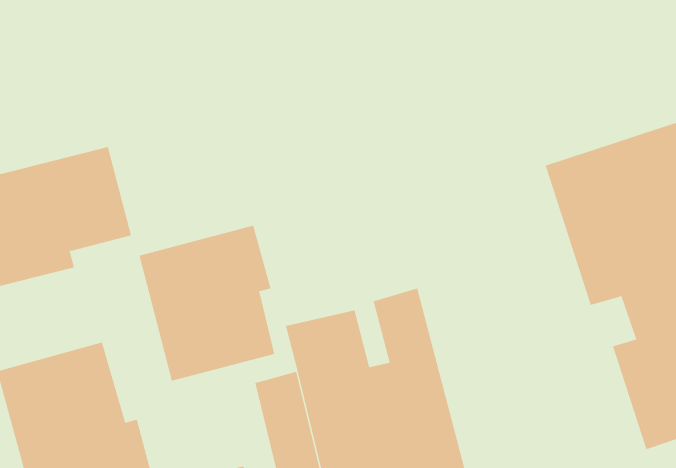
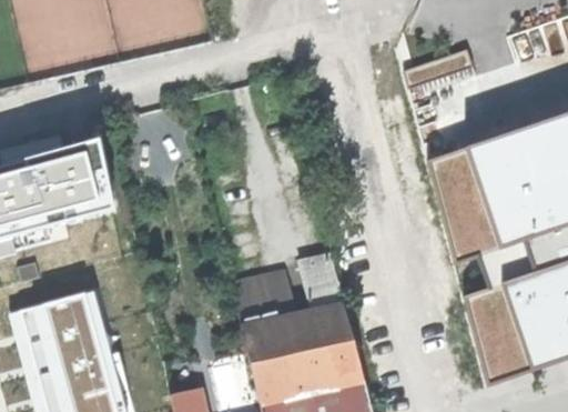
building: [139,225,275,381] -> none

